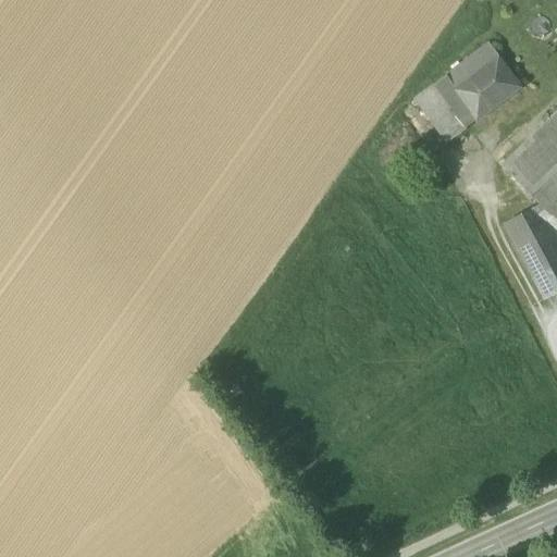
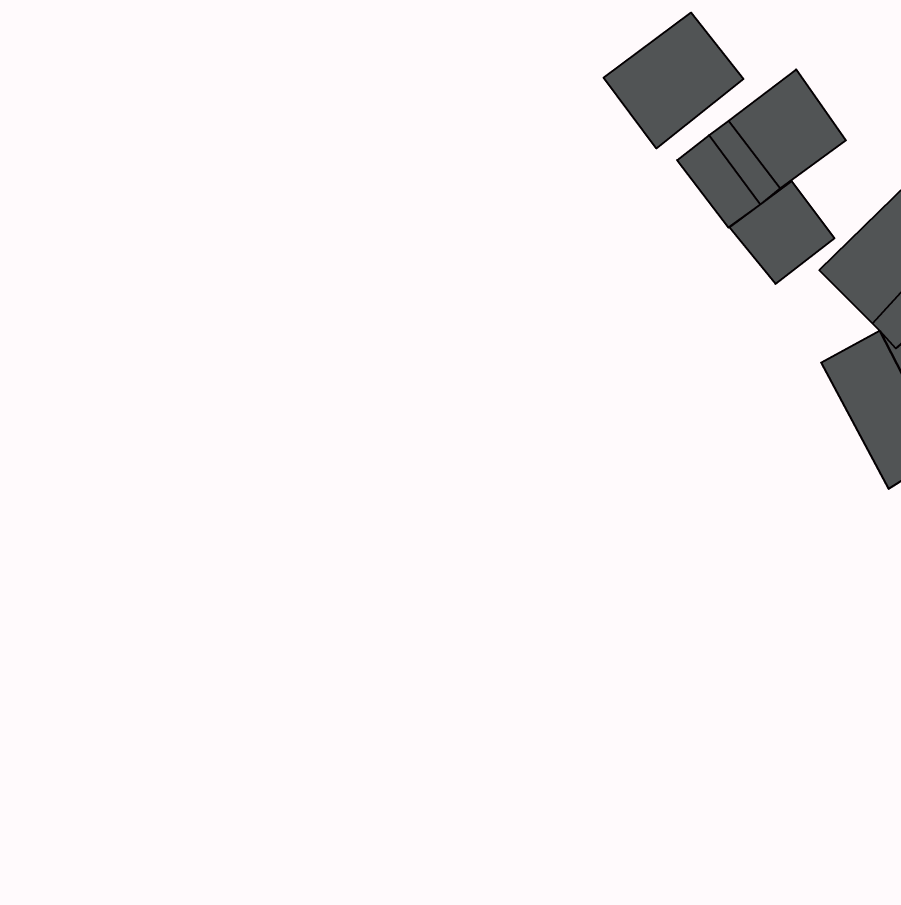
building: none -> [604,13,743,148]
building: none -> [730,181,834,284]

